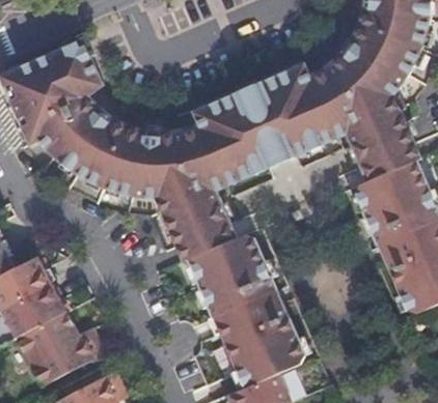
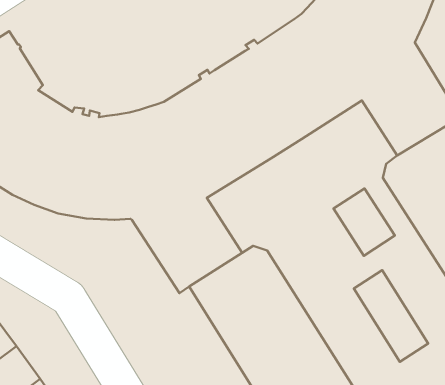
building: none -> [334,188,395,256]
building: none -> [354,270,428,362]

